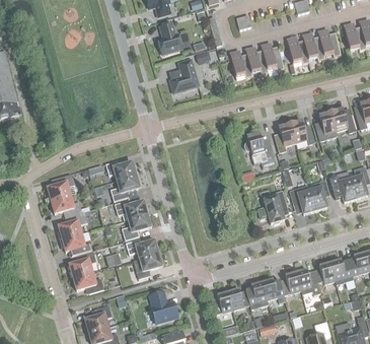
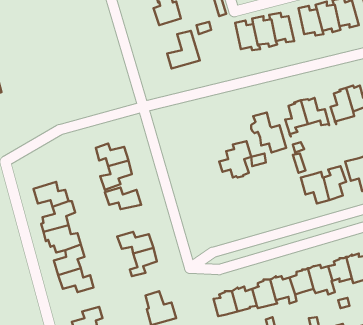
building: [47,174,73,200] -> none
building: [257,190,286,222] -> [219,141,251,177]
building: [121,214,149,239] -> none

